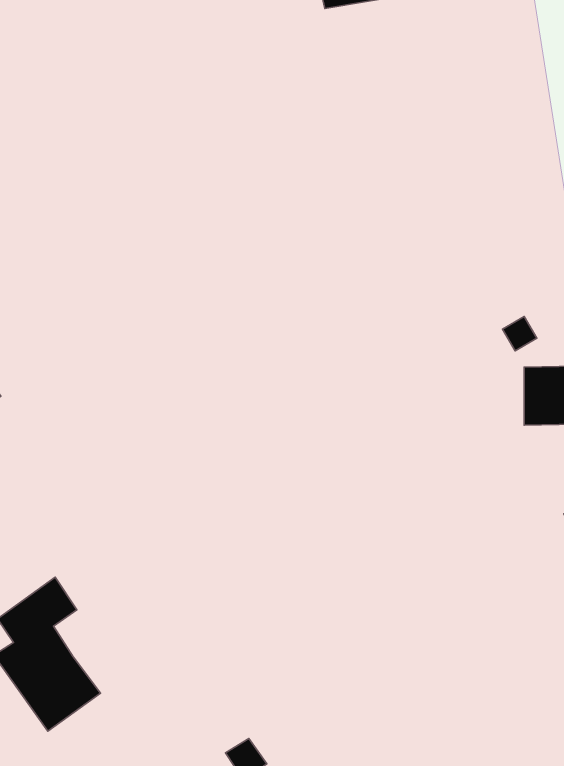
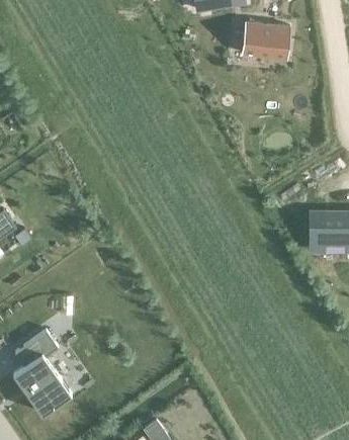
building: none -> [243,21,291,59]

